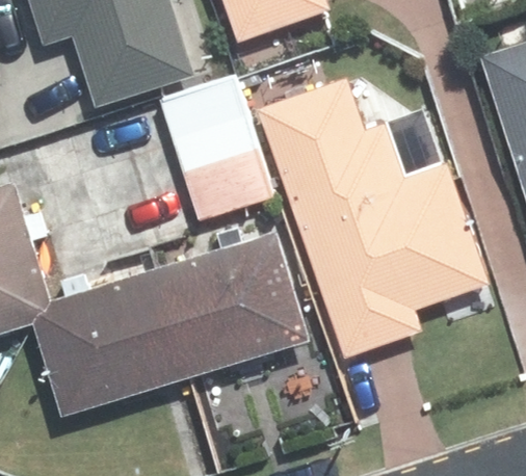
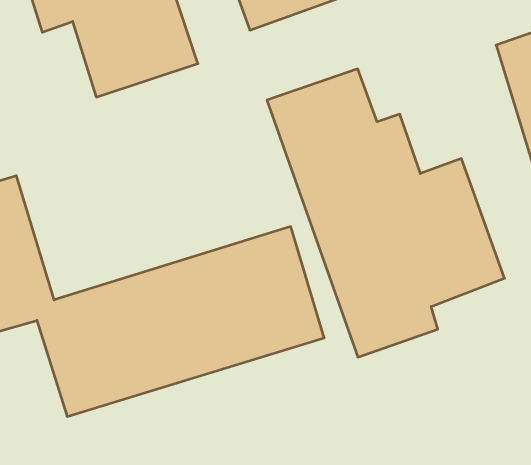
building: [160,78,271,220] -> none

